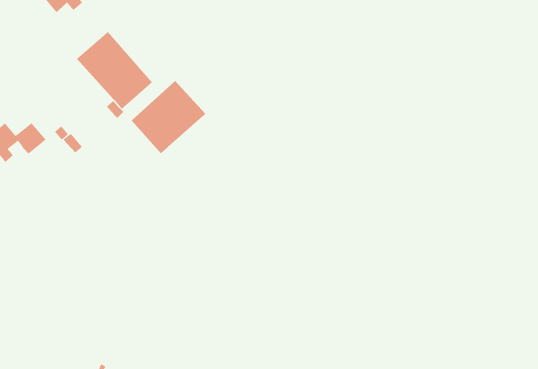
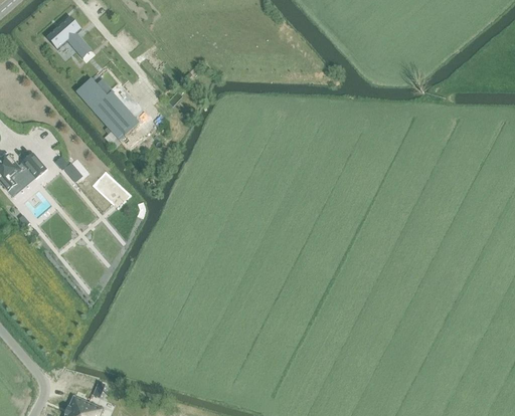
building: [131,80,206,154] -> none

